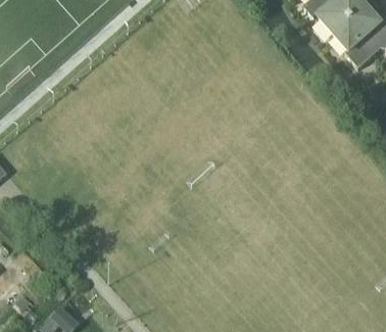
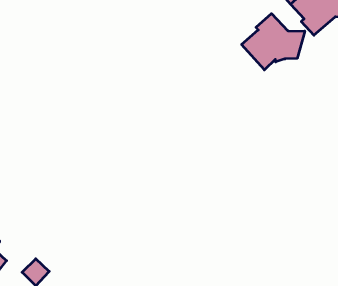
building: none -> [242,14,305,70]

